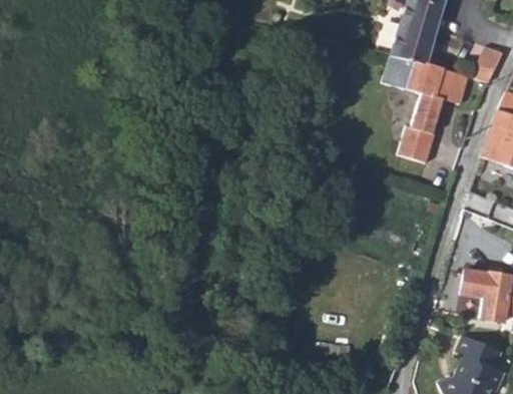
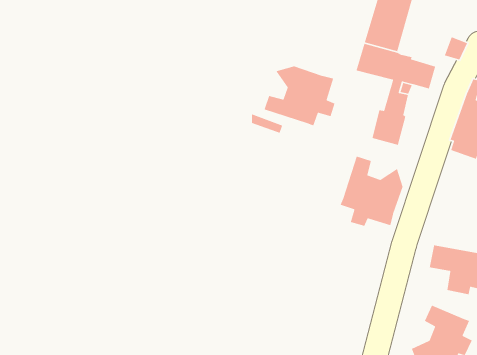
building: none -> [264,66,336,127]
building: none -> [340,155,403,227]

